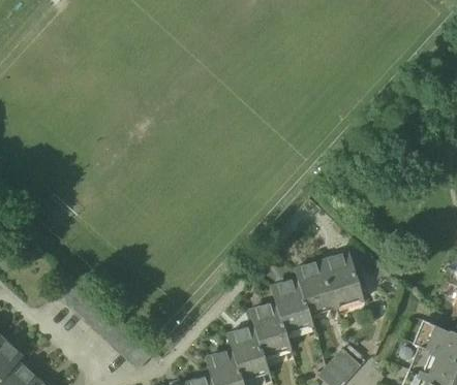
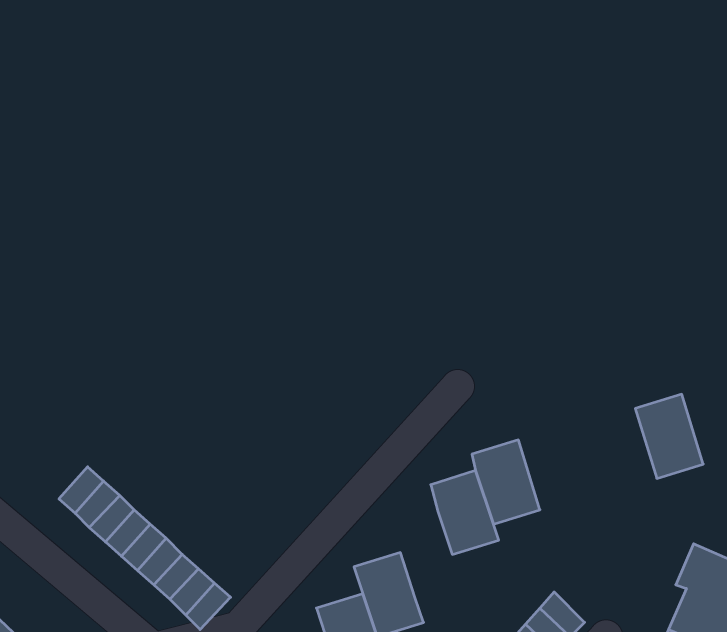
building: [323,253,362,301] -> [635,394,703,478]
building: [249,302,290,352] -> none

